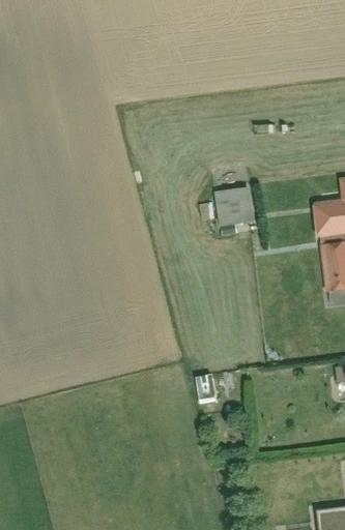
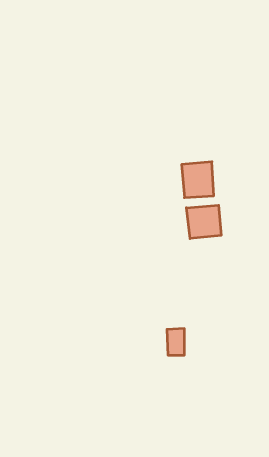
building: none -> [186,205,221,239]

